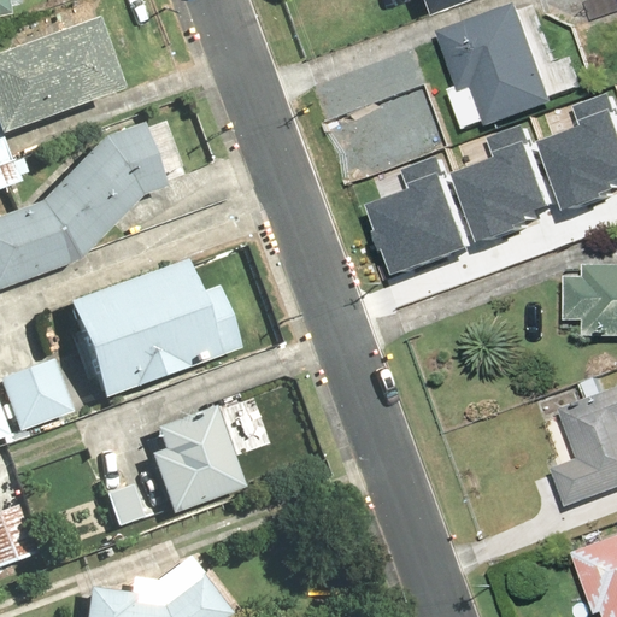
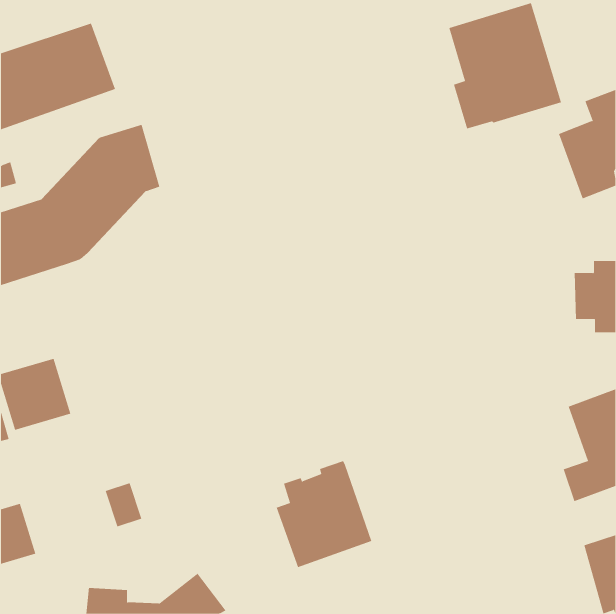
building: [472,123,558,233] -> none
building: [387,153,472,263] -> none
building: [65,260,239,400] -> none
building: [148,406,245,513] -> [276,460,372,568]

